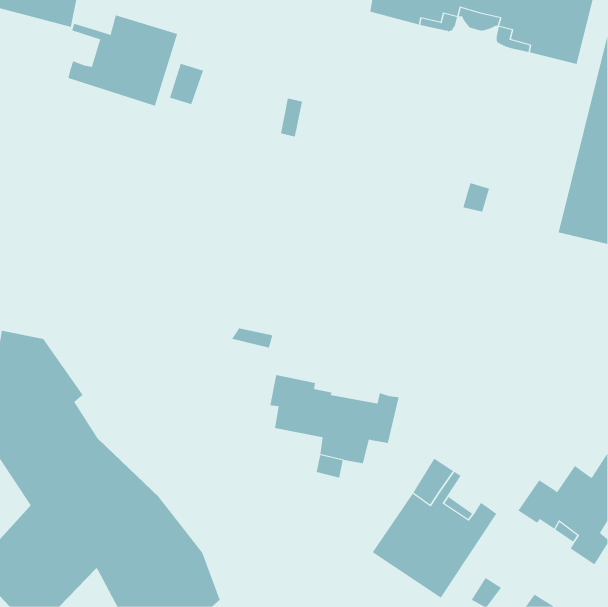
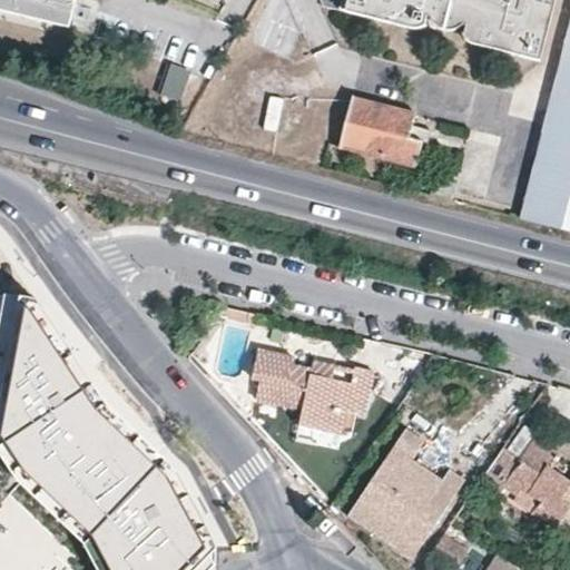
building: [68,14,178,106] -> none
building: none -> [337,96,425,165]

